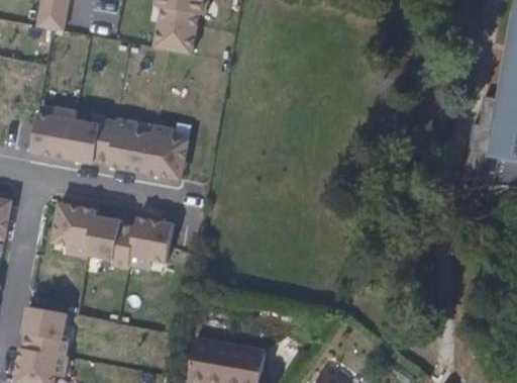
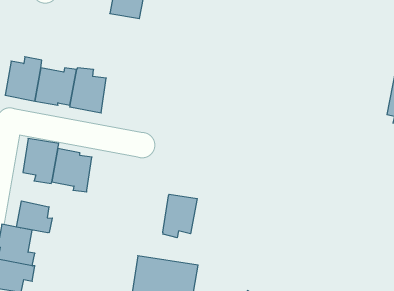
building: [145,123,189,177] -> none
building: [128,214,172,266] -> none
building: none -> [163,194,197,238]
building: none -> [17,201,52,233]

